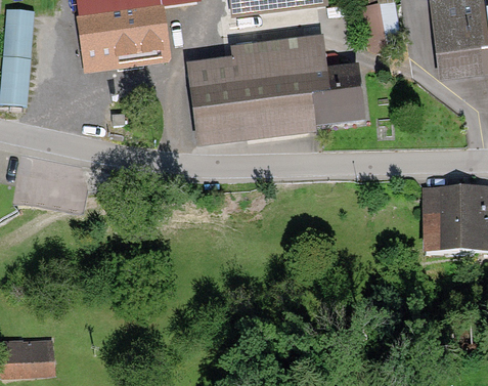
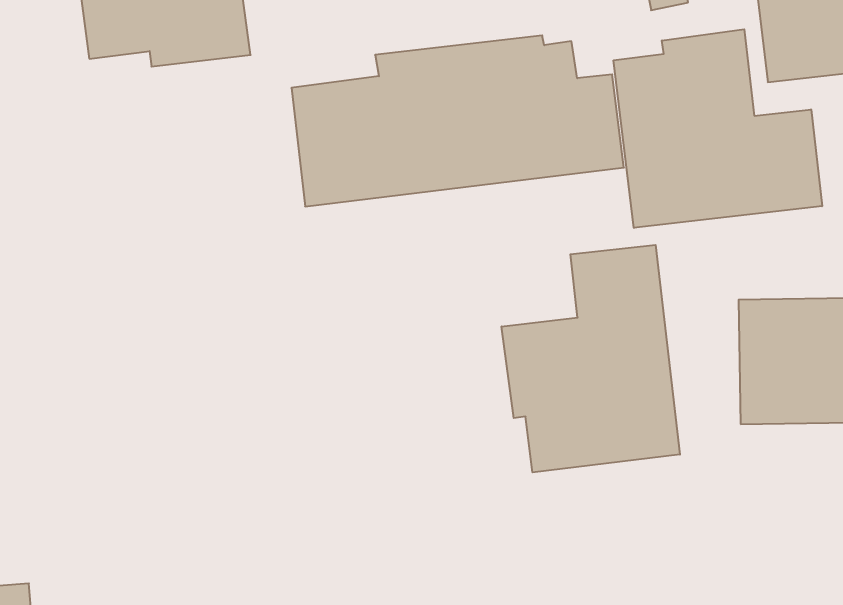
building: none -> [614,29,822,228]
building: none -> [502,245,680,472]

